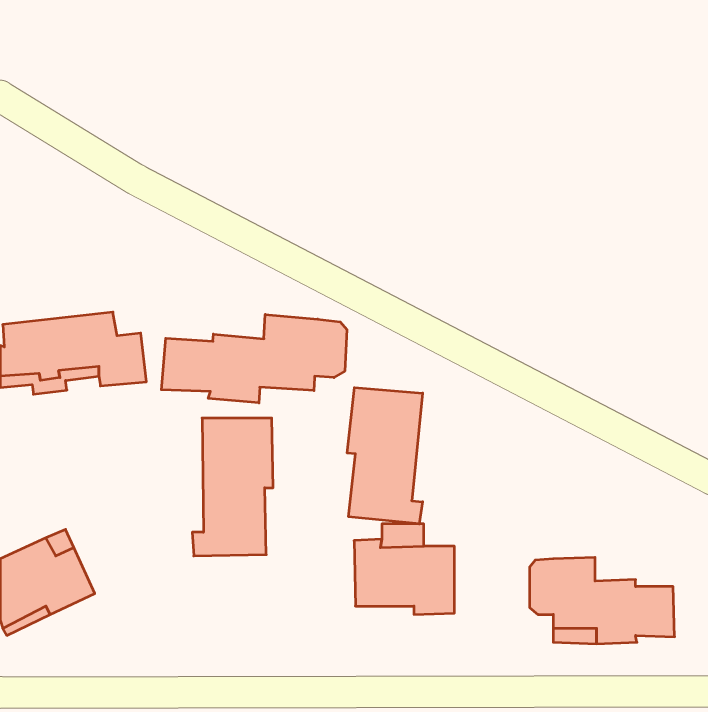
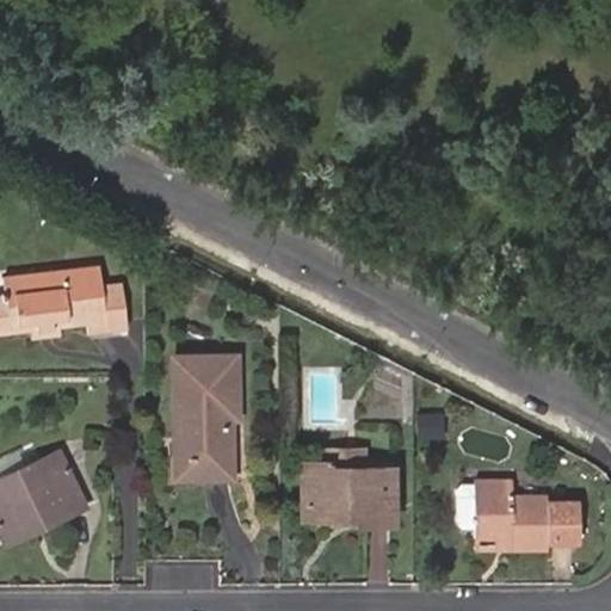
building: [161,314,347,403] -> none
building: [347,388,423,524] -> none

